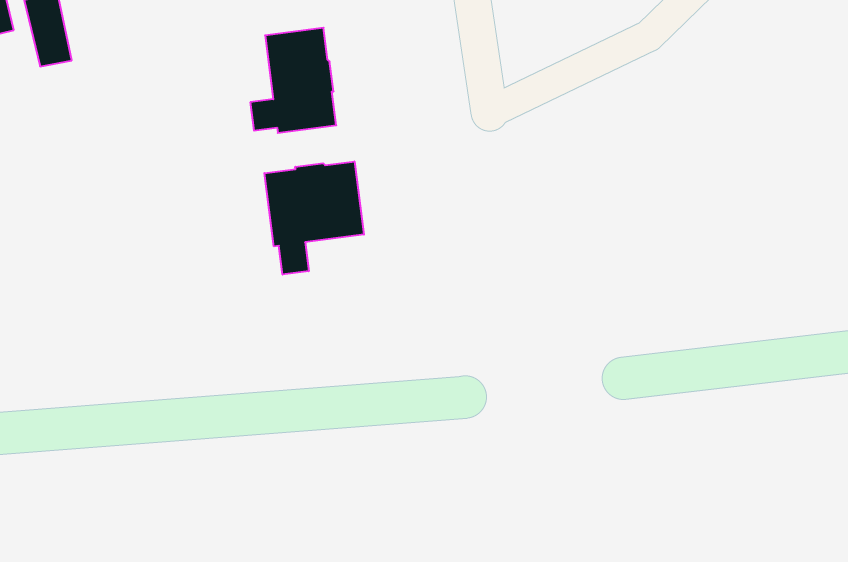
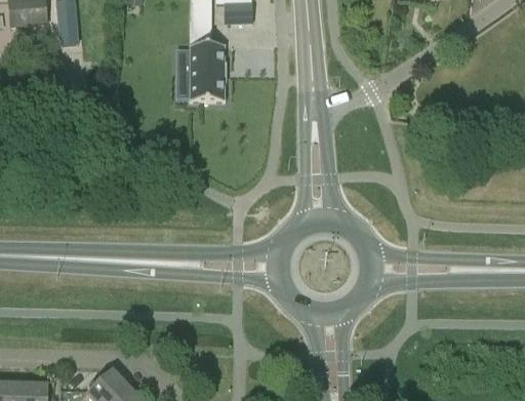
building: [264,161,364,275] -> none

